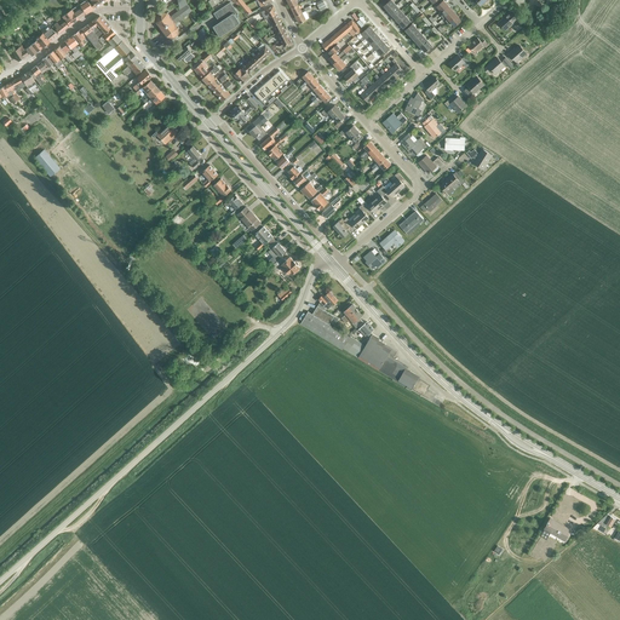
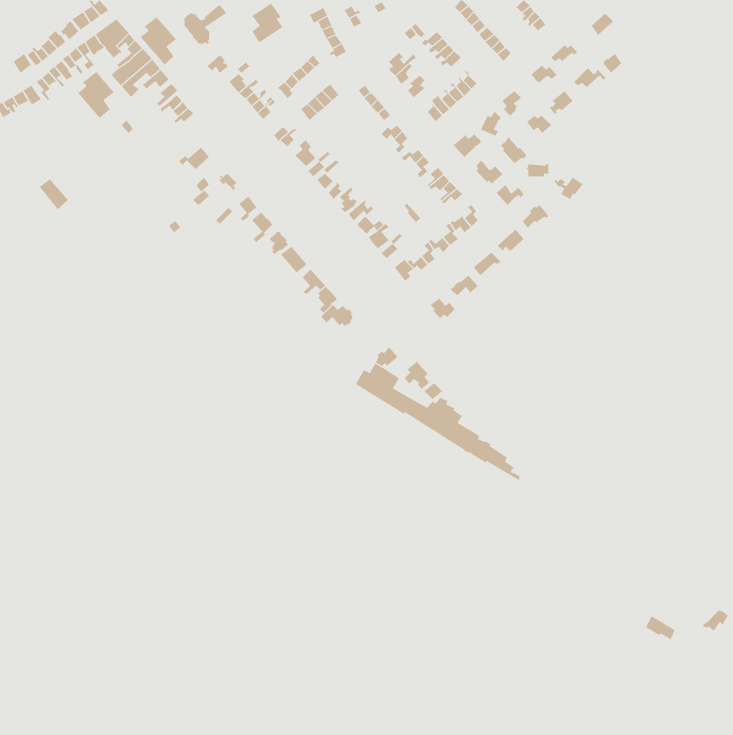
building: none -> [140,16,177,65]
building: none -> [77,71,115,119]

